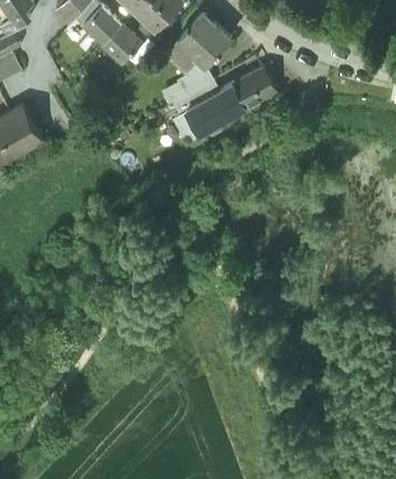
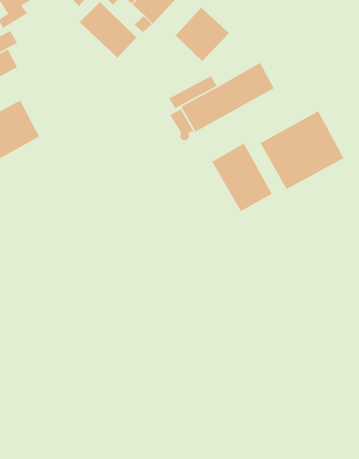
building: [162,39,215,104] -> none
building: none -> [260,110,345,190]
building: none -> [211,142,273,212]

